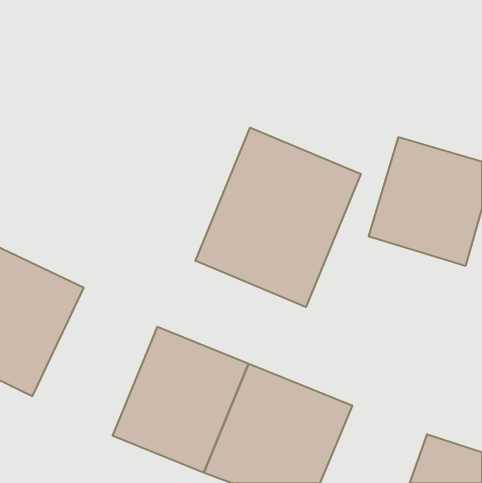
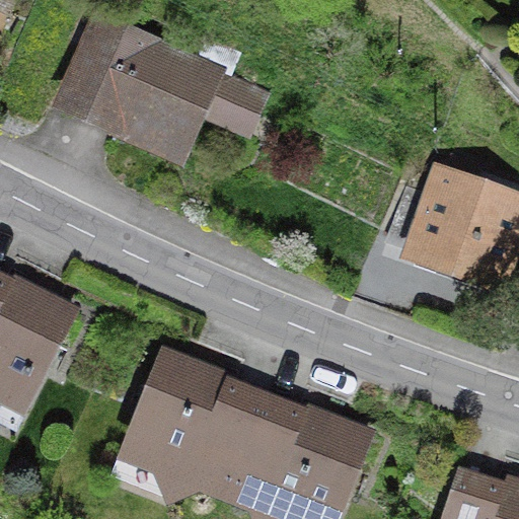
building: none -> [53,24,224,172]
building: [195,128,361,307] -> none

